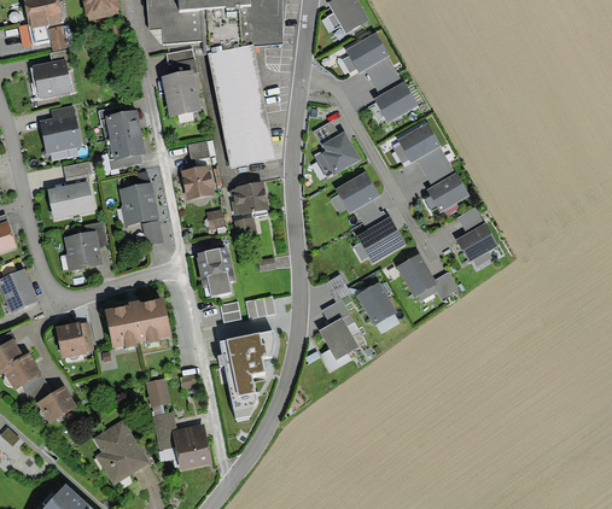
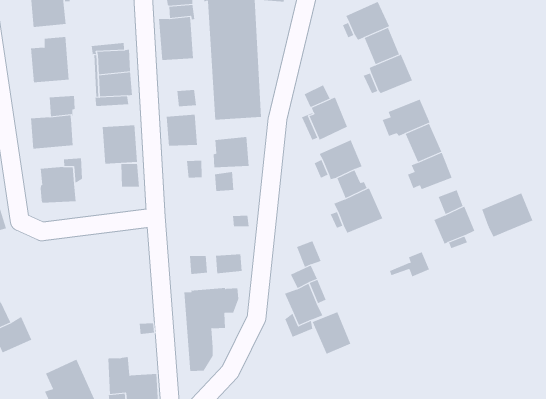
building: none -> [482,192,533,238]
building: [196,247,234,297] -> none
building: [396,253,437,298] -> none
building: [355,282,396,326] -> [312,312,351,354]
building: [104,298,170,349] -> none
building: [54,322,93,359] -> none
building: [145,379,169,415] -> none

